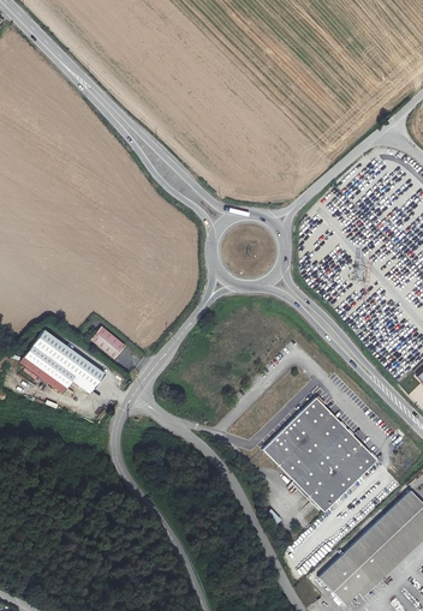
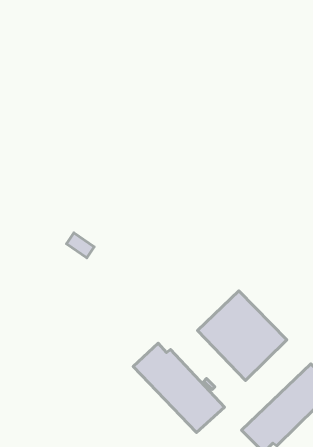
building: [24,329,105,393] -> none
building: none -> [133,343,225,432]

